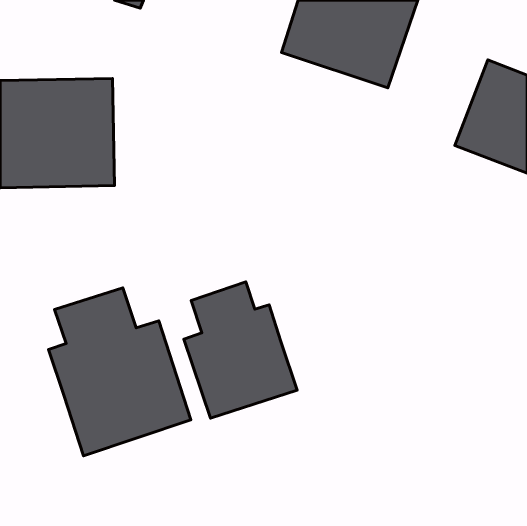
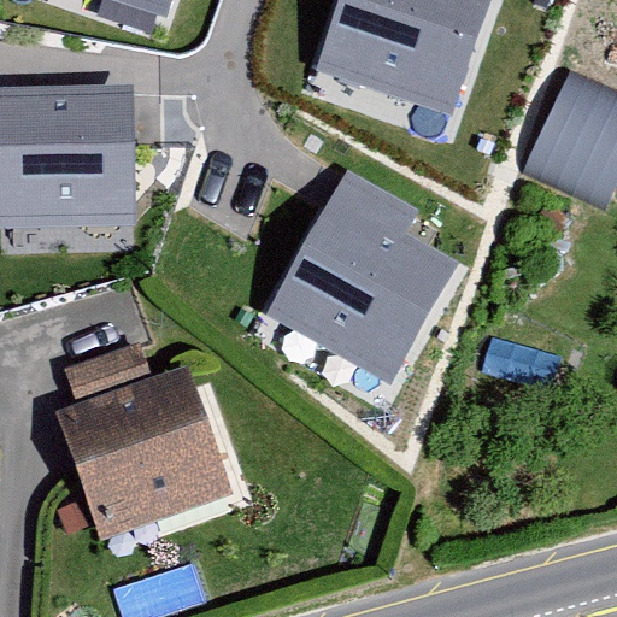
building: none -> [276,205,445,371]
building: [184,282,297,418] -> none

